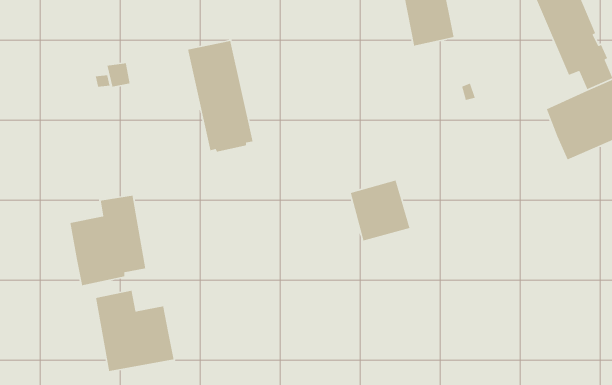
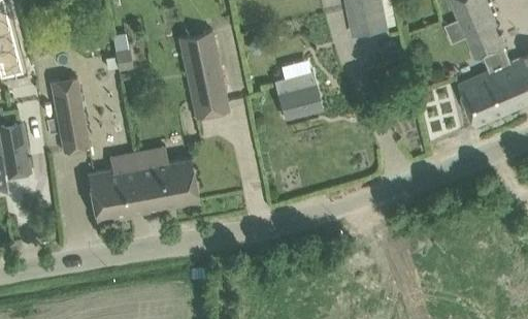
building: none -> [52,78,90,154]
building: [350,179,411,242] -> [274,71,322,120]
building: [95,290,175,372] -> [136,147,198,211]

